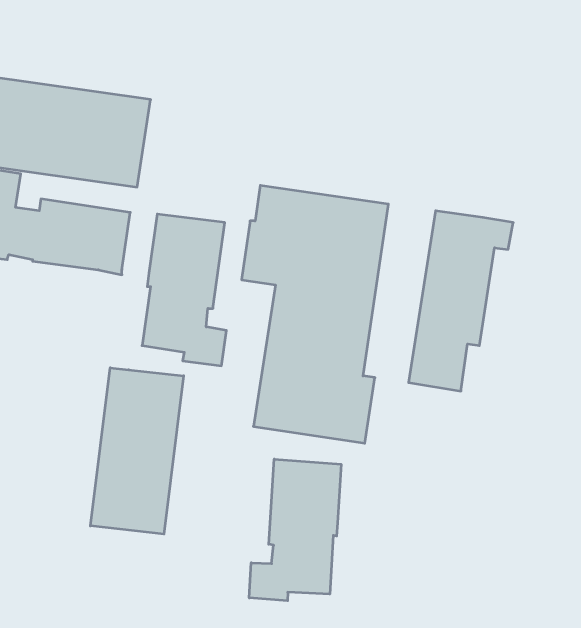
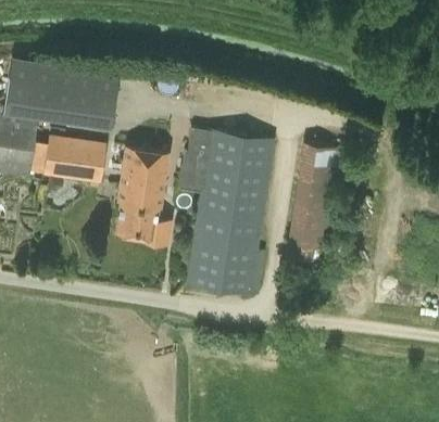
building: [90,368,184,534] -> none
building: [249,459,341,601] -> none

